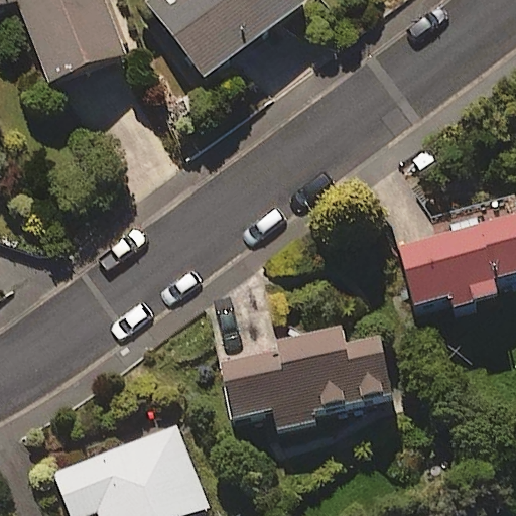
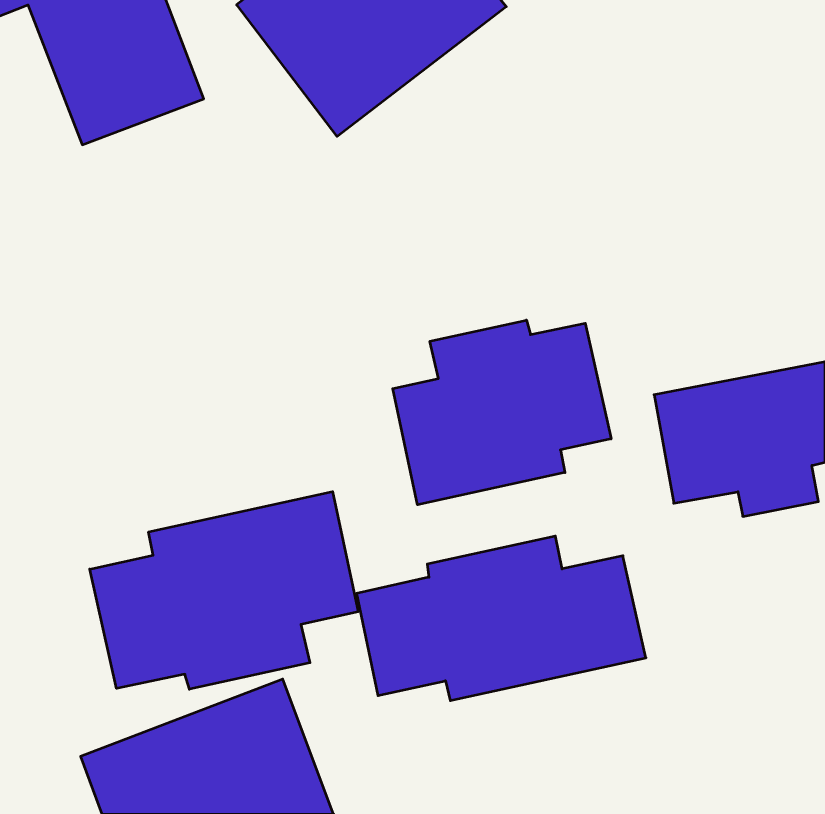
building: none -> [393,320,611,505]
building: none -> [90,492,358,689]

